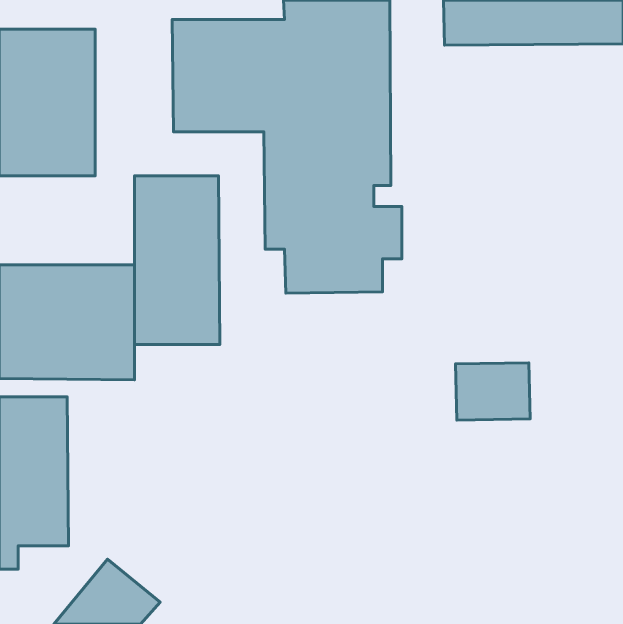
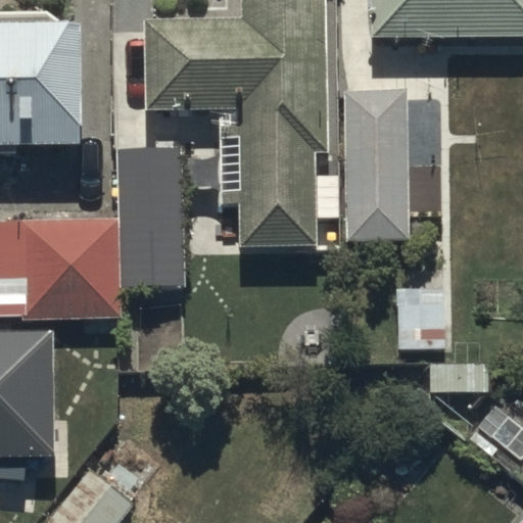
building: none -> [341,92,409,243]

